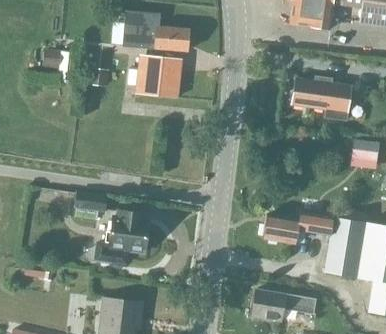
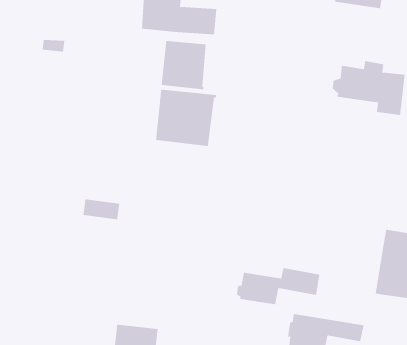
building: none -> [156,89,217,147]
building: [92,211,147,263] -> none
building: [262,211,334,243] -> [236,267,320,305]

